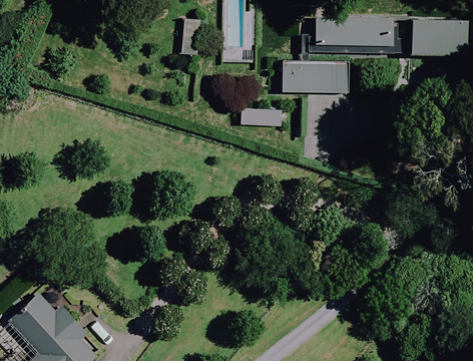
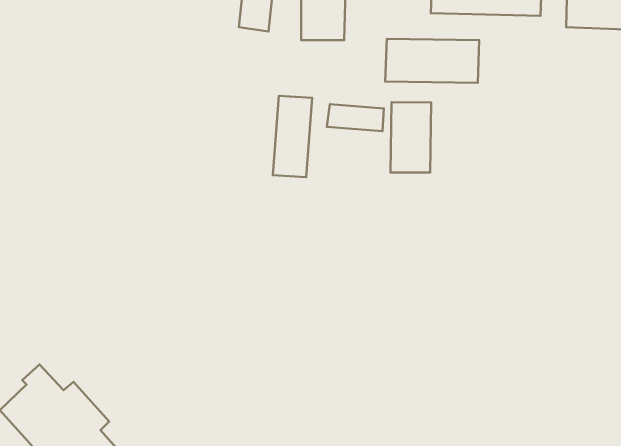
building: none -> [273,96,312,177]
building: none -> [391,102,431,173]

